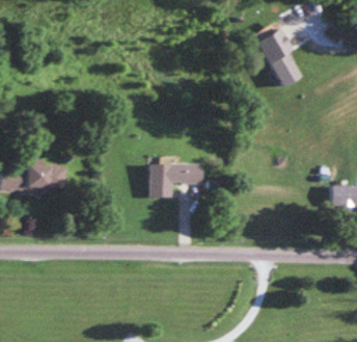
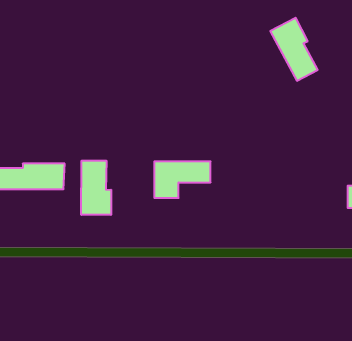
building: none -> [81,161,111,215]

